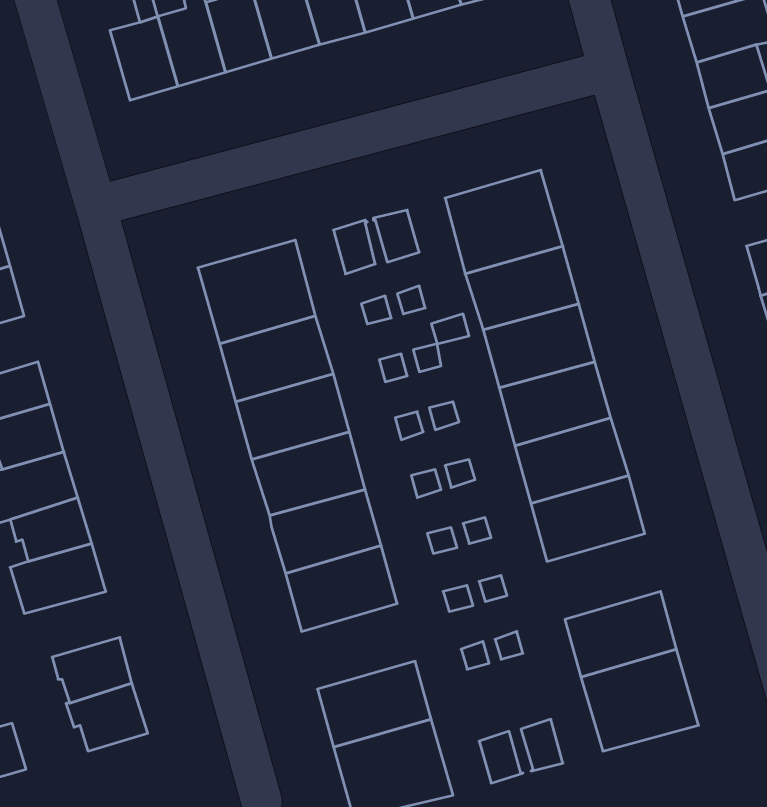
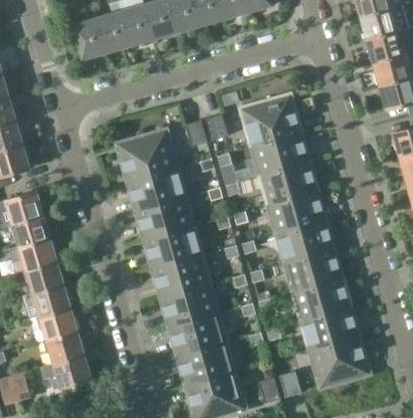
building: none -> [292,277,350,321]
building: none -> [29,306,77,342]
building: none -> [169,312,226,356]

